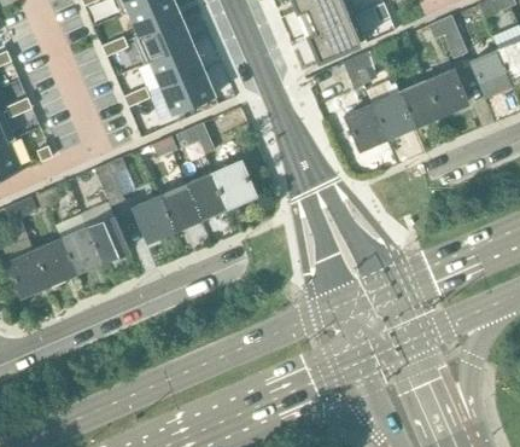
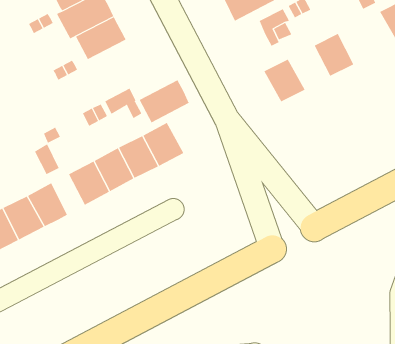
building: [425,69,466,115] -> none
building: [160,71,214,115] -> [139,80,190,123]
building: [370,92,413,138] -> none

